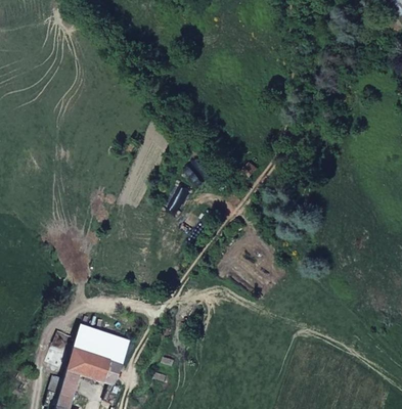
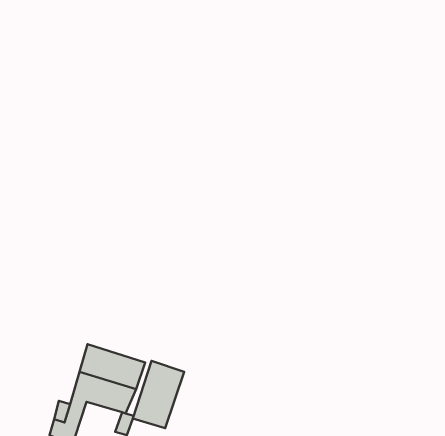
building: none -> [133,361,184,428]

